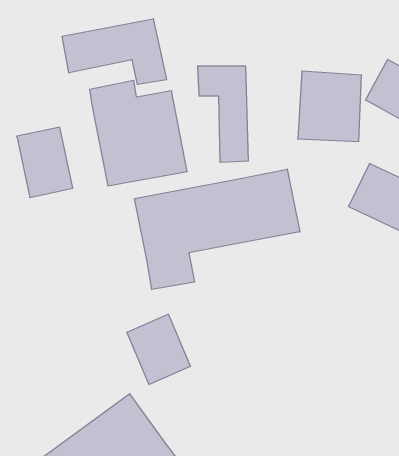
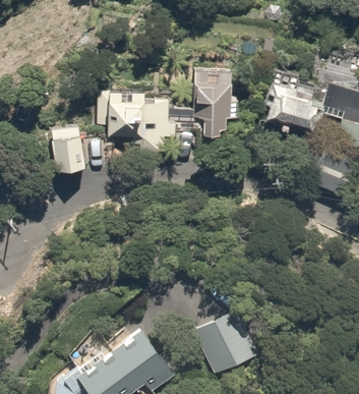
building: [62,19,166,85] -> none
building: [135,169,300,290] -> none
building: [127,314,191,384] -> [194,314,244,369]

